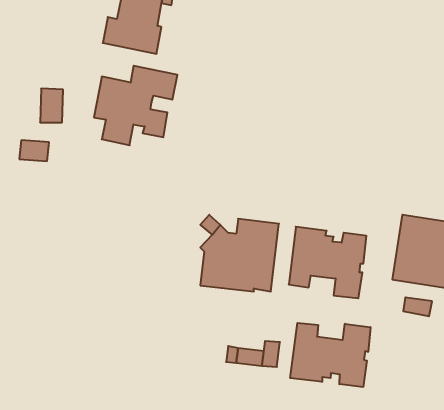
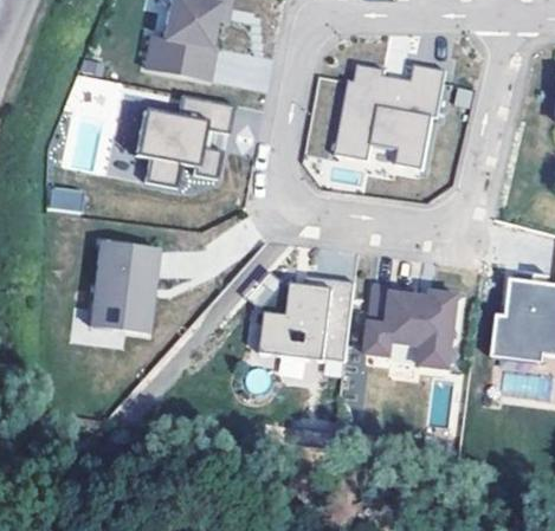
building: none -> [334,64,445,169]
building: none -> [89,239,157,331]
building: [290,323,370,387] -> none

